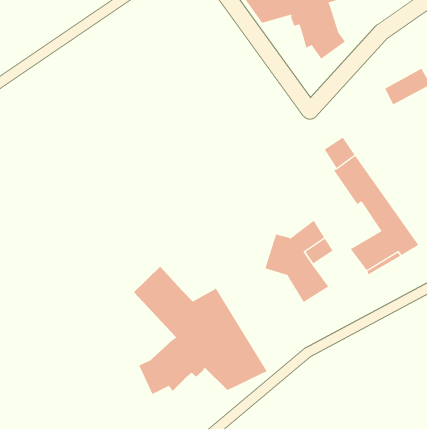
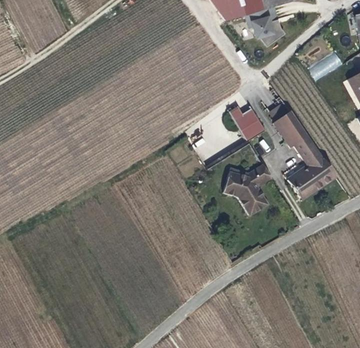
building: none -> [231,106,267,143]
building: [133,266,268,395] -> none

